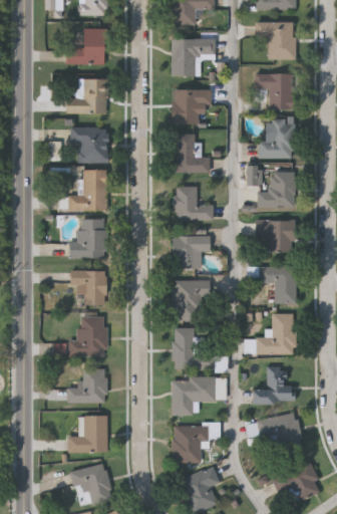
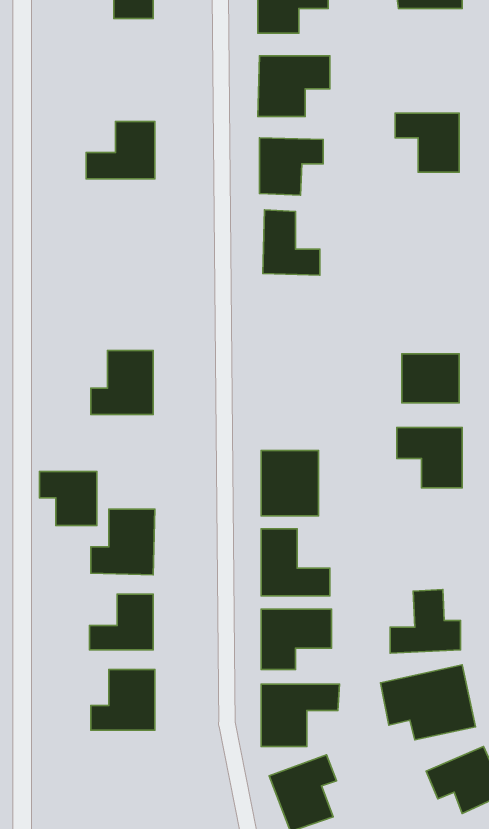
building: [255,21,294,58] -> none
building: [65,28,105,63] -> none
building: [258,120,294,158] -> none
building: [70,126,107,162] -> none
building: [67,170,106,211] -> none
building: [256,172,295,207] -> none
building: [173,186,213,220] -> none
building: [172,236,209,269] -> none
building: [70,270,105,303] -> [39,472,97,526]
building: [255,313,294,353] -> none
building: [70,463,113,505] -> none

